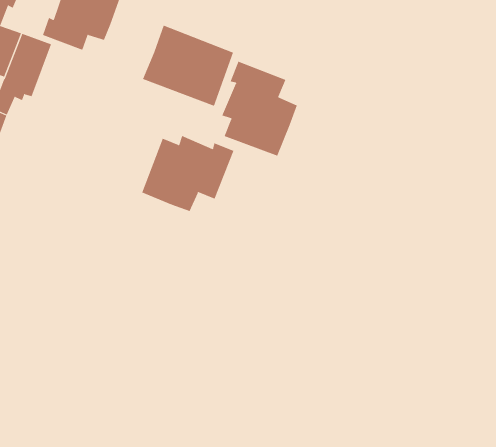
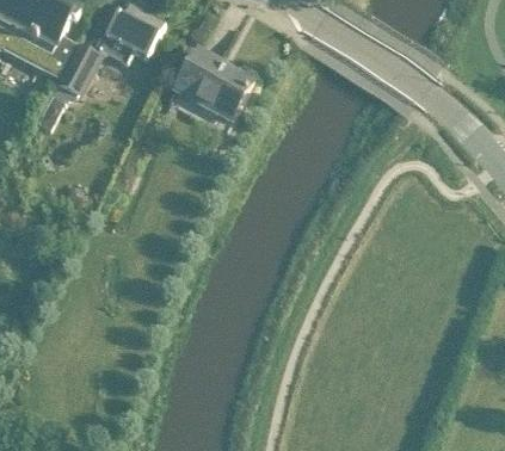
building: [222,61,298,157] -> none
building: [142,135,234,212] -> none

